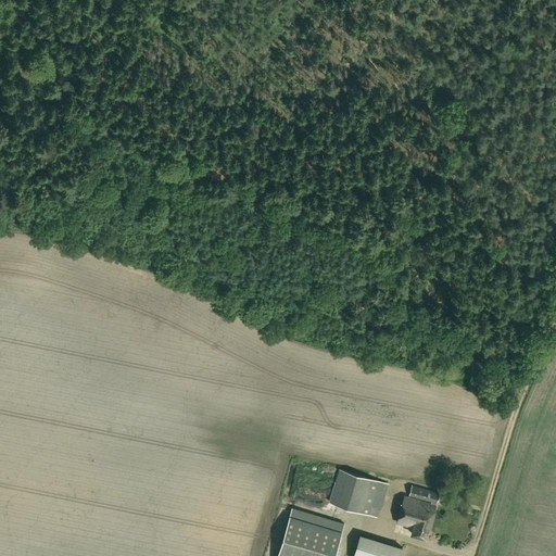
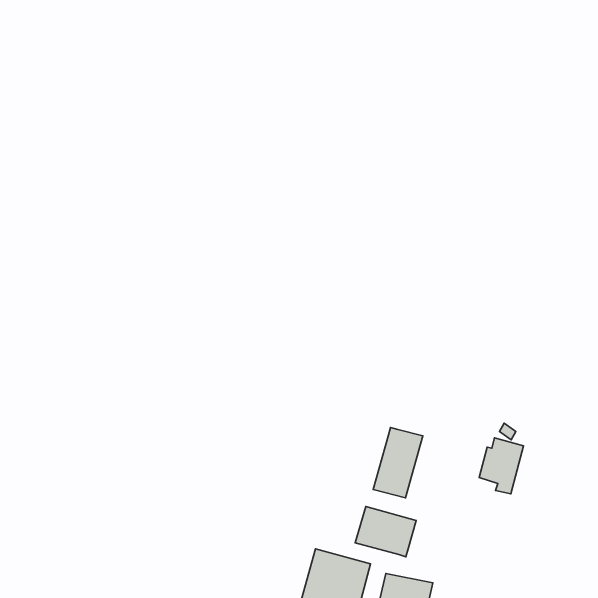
building: none -> [373,427,423,498]
building: [396,486,438,539] -> [479,438,524,494]

